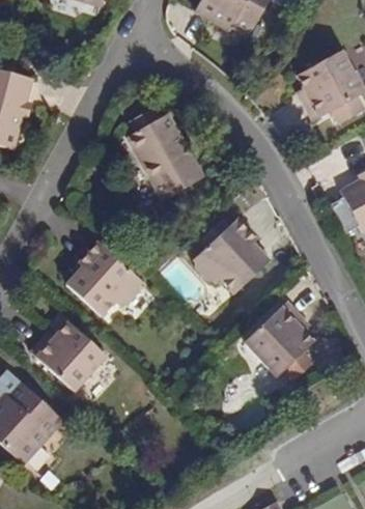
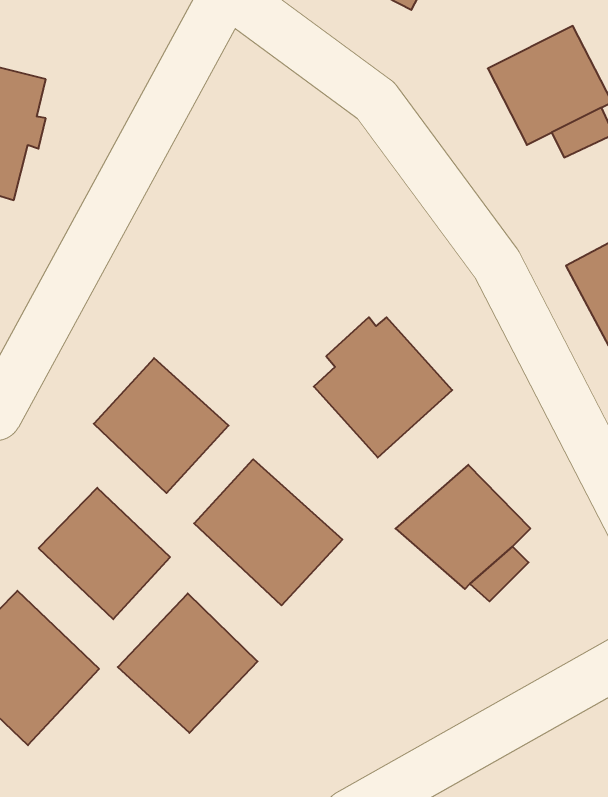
building: [120,112,202,201] -> none
building: none -> [194,459,342,605]
building: none -> [118,593,258,733]

